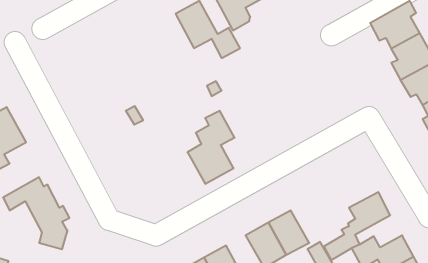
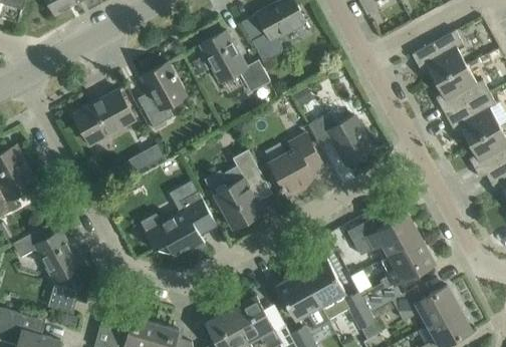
building: none -> [140,62,186,127]
building: none -> [72,89,135,144]
building: none -> [307,112,373,165]
building: none -> [269,132,323,198]
building: none -> [140,192,212,255]
building: none -> [346,213,421,256]

